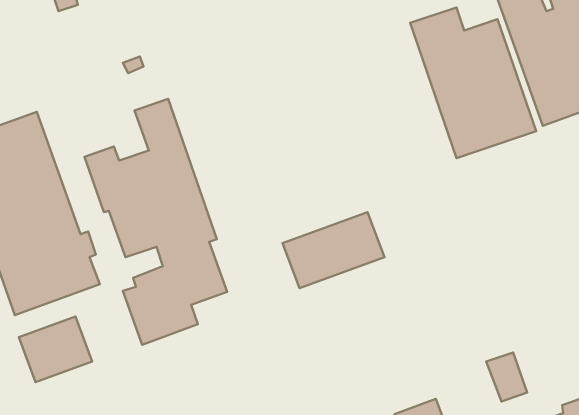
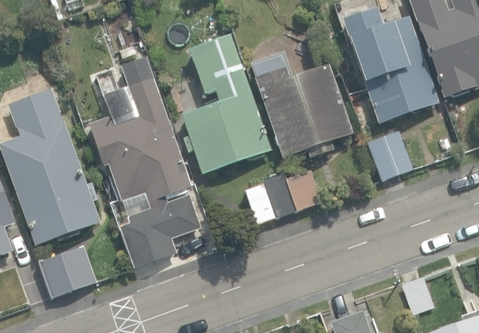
building: none -> [180,35,273,176]
building: none -> [252,57,354,159]
building: none -> [366,131,412,182]

